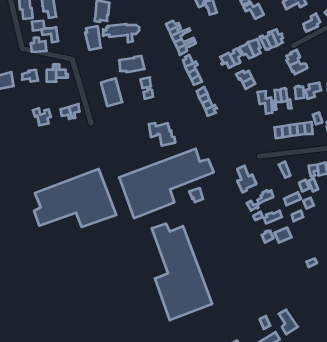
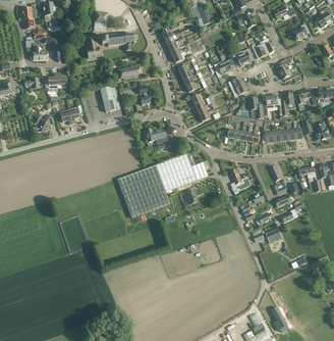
building: [34,169,116,227] -> none
building: [152,224,212,320] -> none

